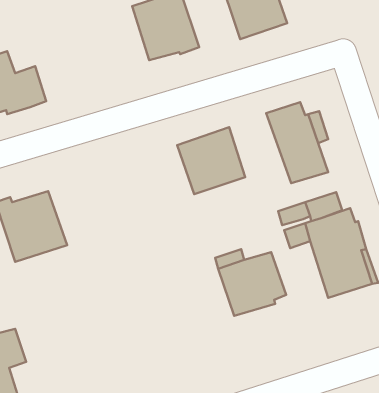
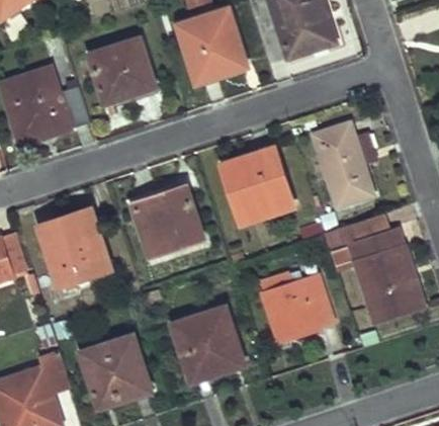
building: none -> [88,41,153,105]
building: none -> [135,187,204,256]
building: none -> [172,307,246,379]
building: none -> [79,333,151,407]

